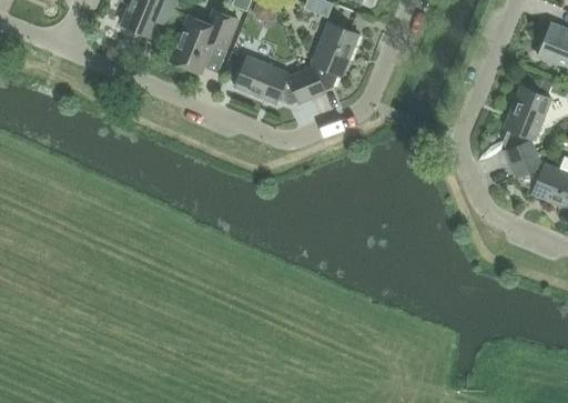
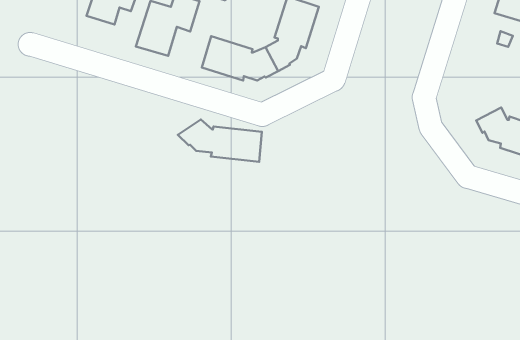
building: [503,85,551,163] -> none
building: none -> [178,120,262,162]

